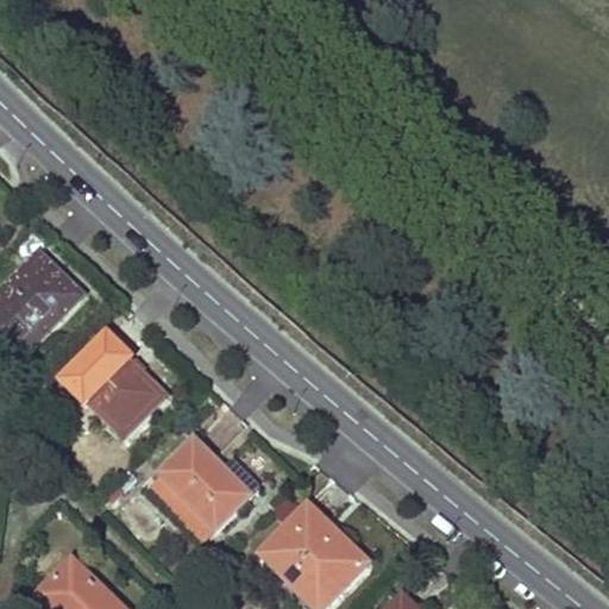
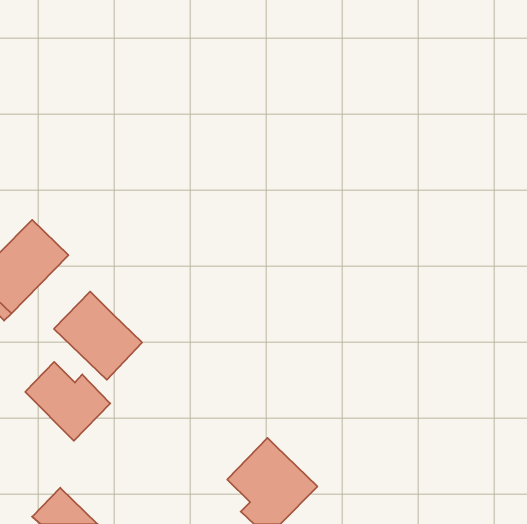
building: [158,438,256,528] -> [25,362,110,441]

